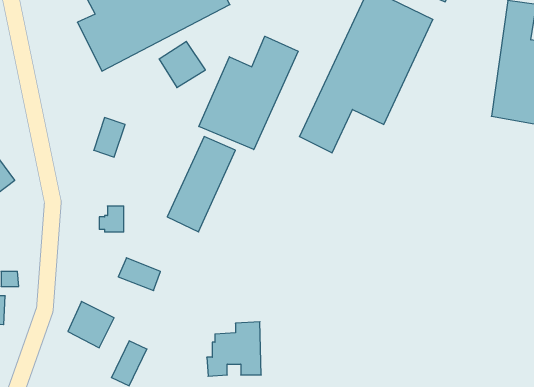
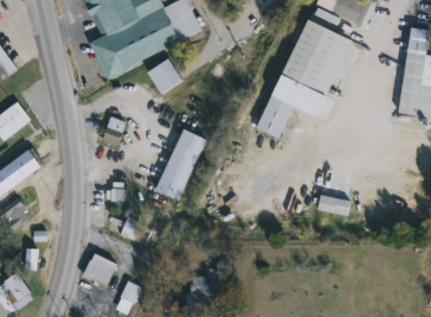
building: [199,36,298,150] -> none
building: none -> [316,194,349,214]

